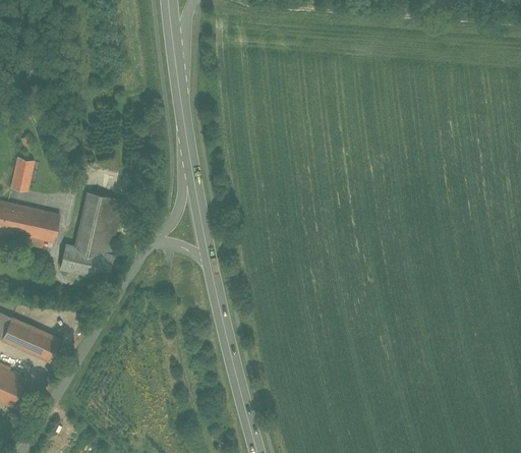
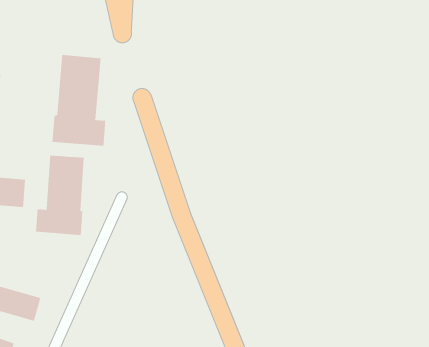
building: none -> [52,54,106,146]

